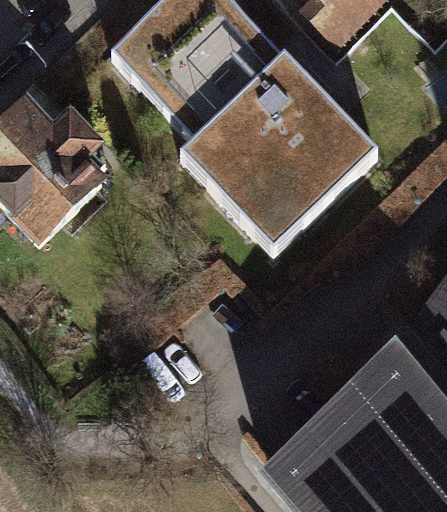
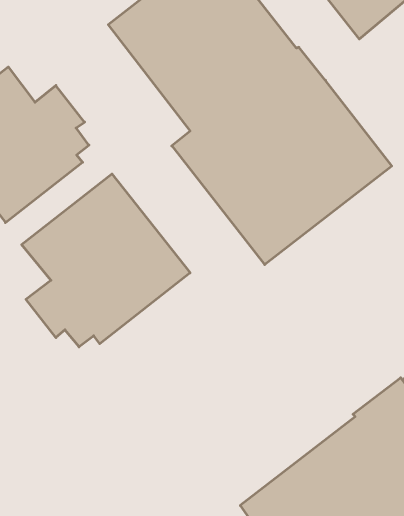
building: none -> [22,174,190,347]

